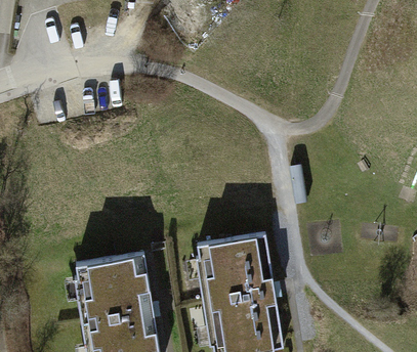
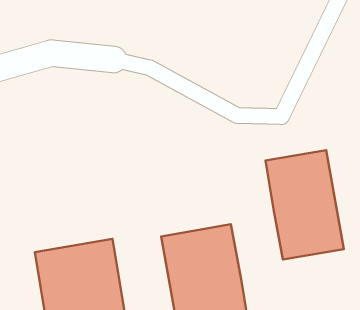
building: none -> [266,150,344,260]

